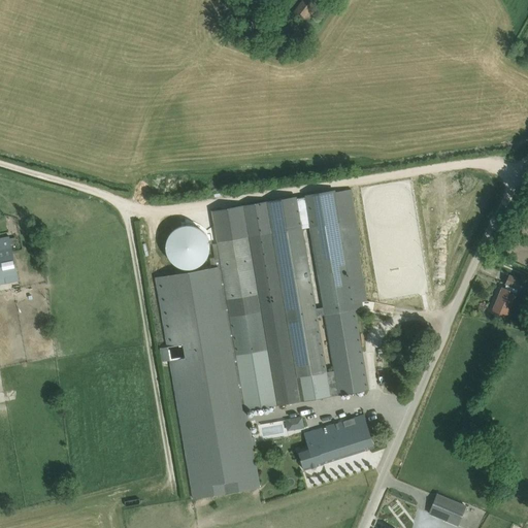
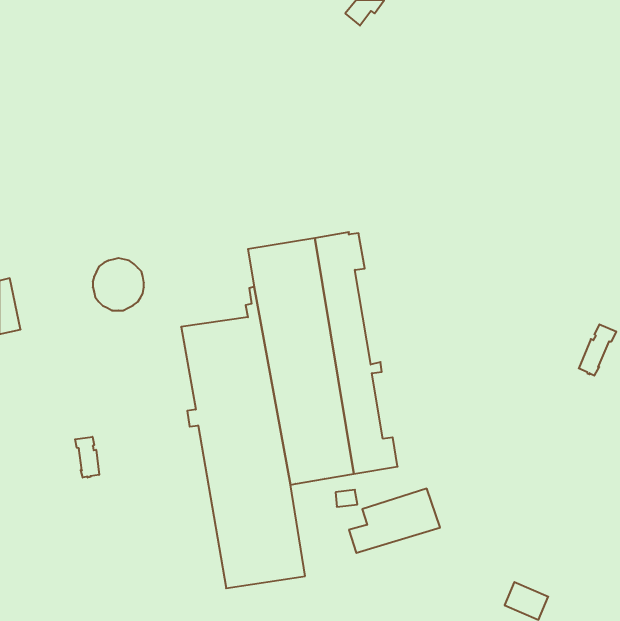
building: [303,190,367,396] -> none
building: [165,225,208,269] -> [93,258,144,310]
building: none -> [75,437,99,478]

